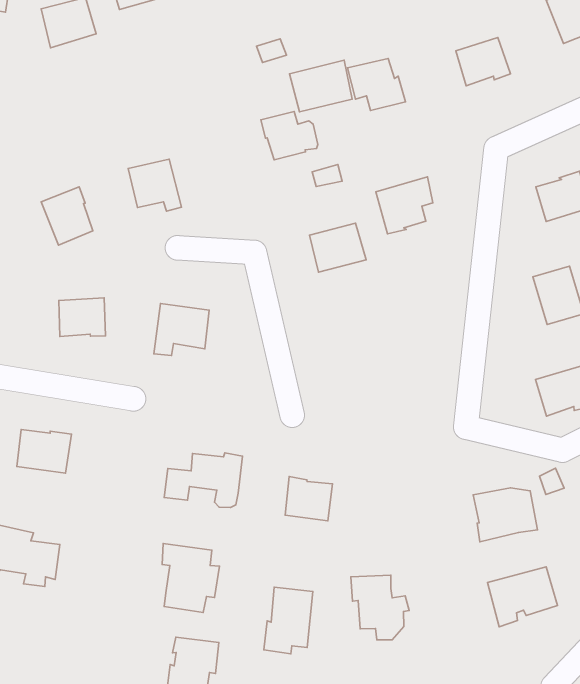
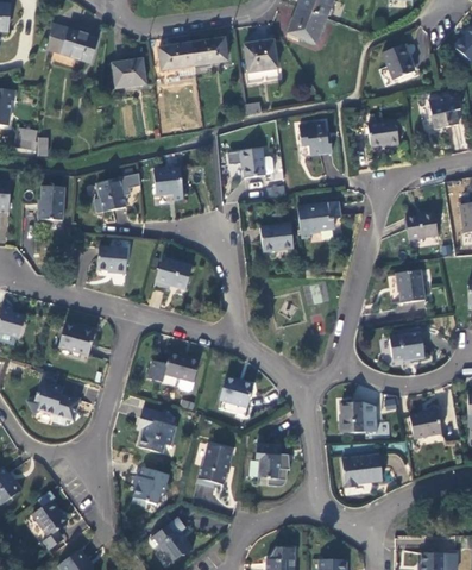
building: [289,60,352,112] -> none

